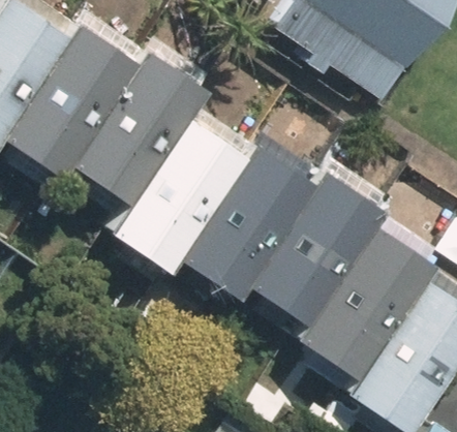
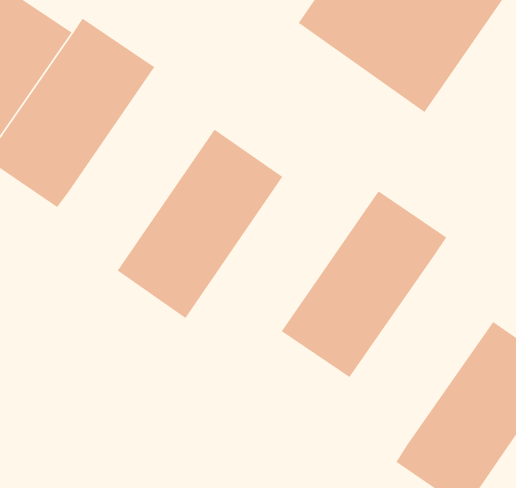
building: [75,51,215,209] -> none
building: [183,144,324,302] -> none
building: [301,222,440,380] -> none

